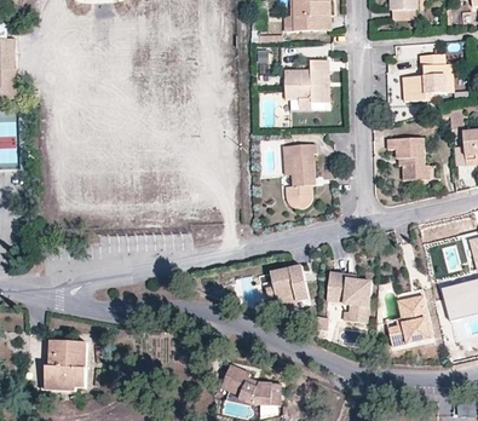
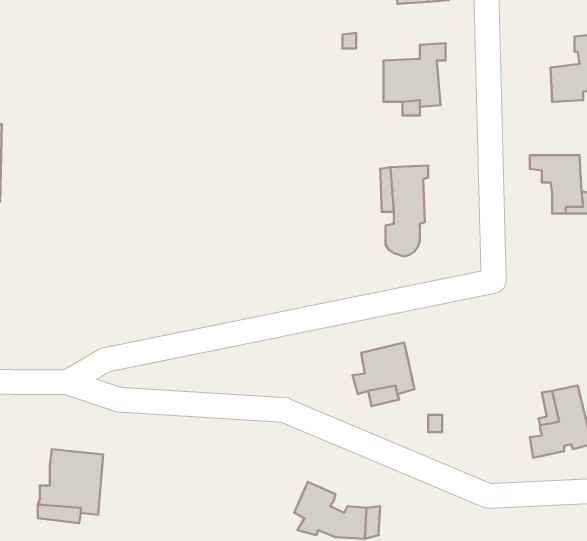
building: [326,272,370,322] -> none

